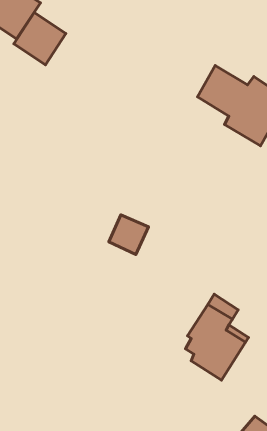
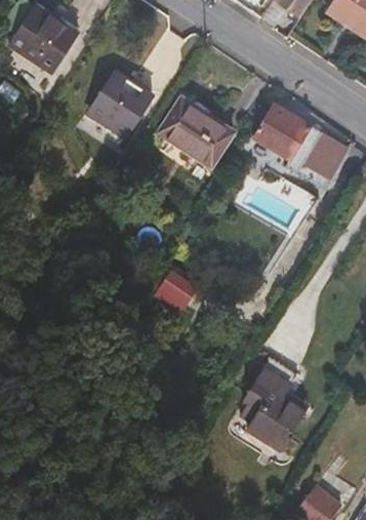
building: [14,12,66,65] -> [92,74,150,132]
building: none -> [159,97,233,166]

